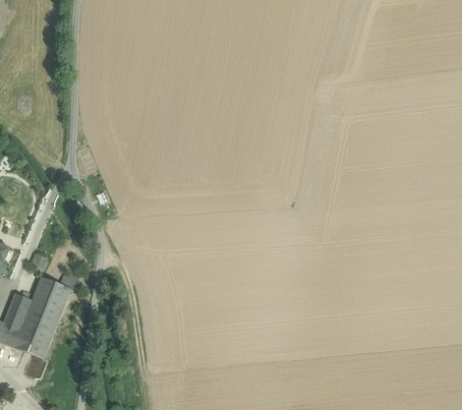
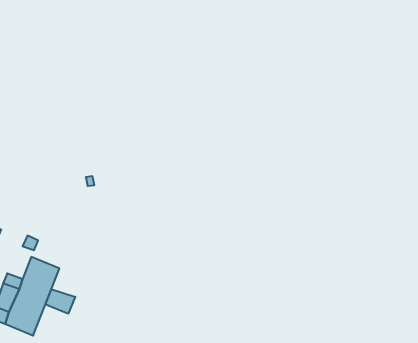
building: none -> [46,289,75,314]

